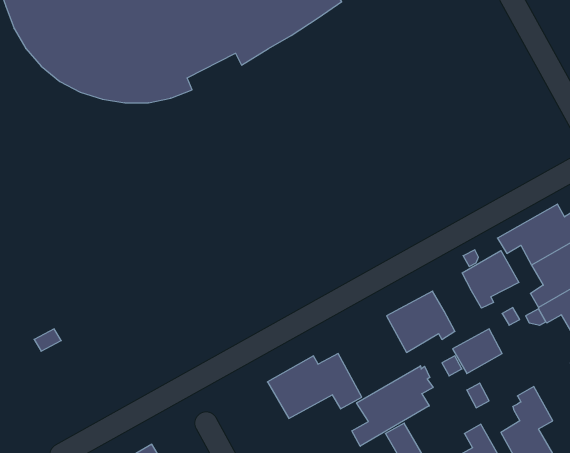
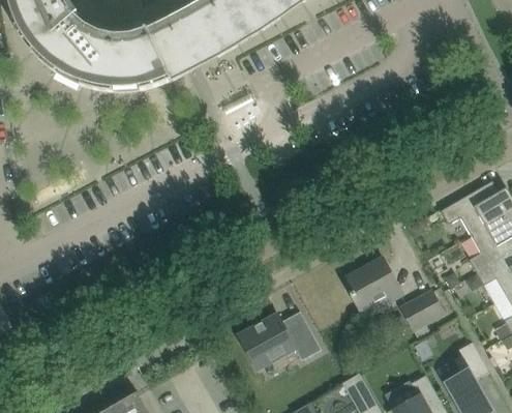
building: [462,251,519,308] -> none
building: [352,366,433,446] -> none

